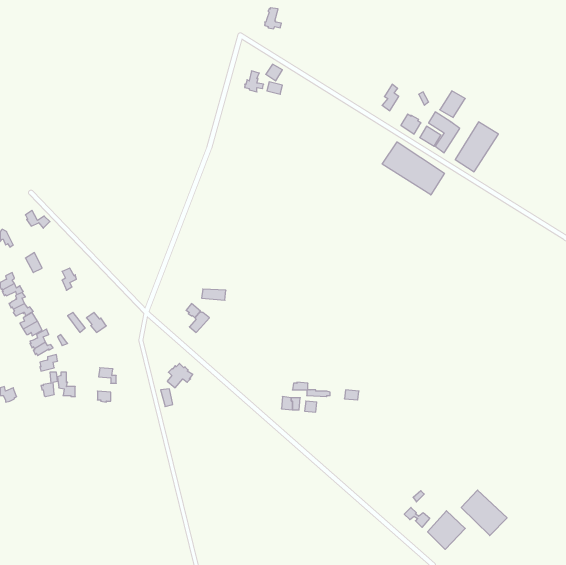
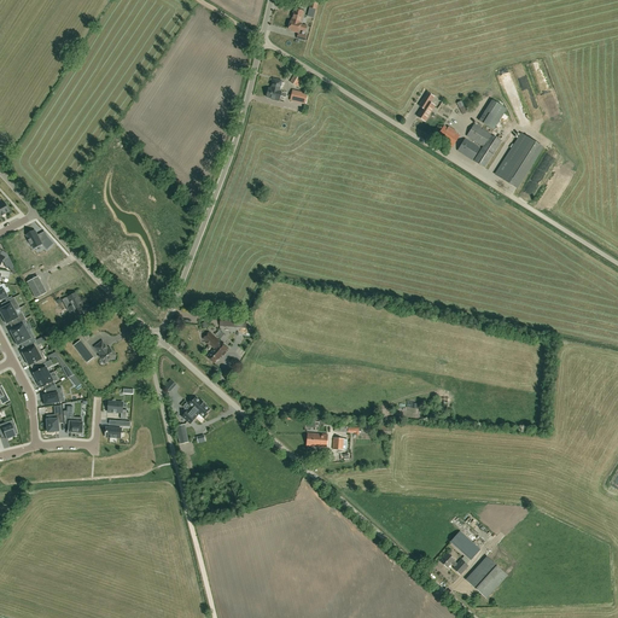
building: [382,142,444,195] -> none
building: [461,490,507,536] -> none

